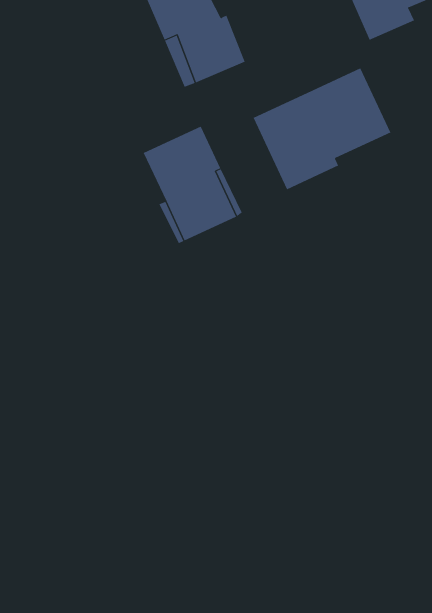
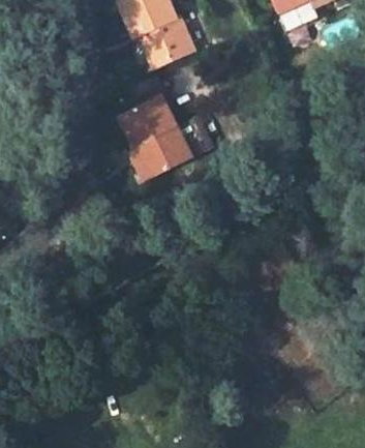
building: [253,68,391,190] -> none

